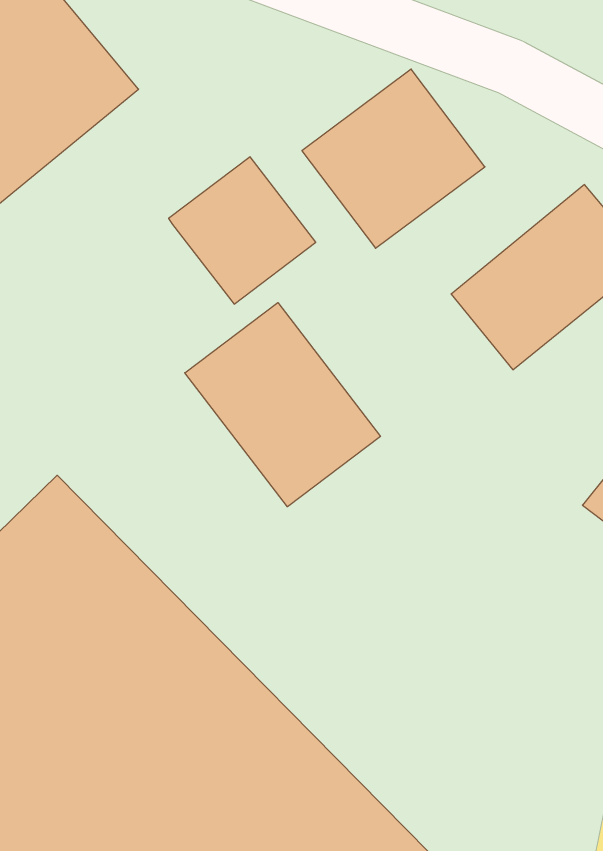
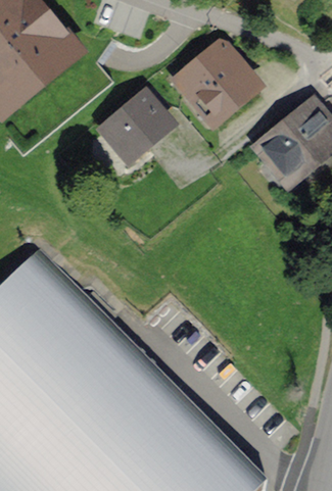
building: [185,303,380,507] -> none

